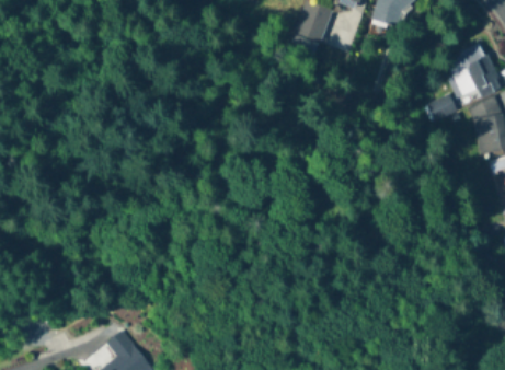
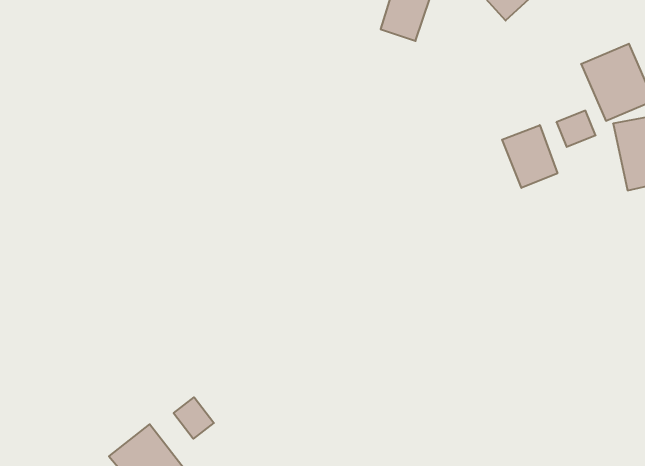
building: none -> [502,125,557,188]
building: none -> [174,397,214,439]

